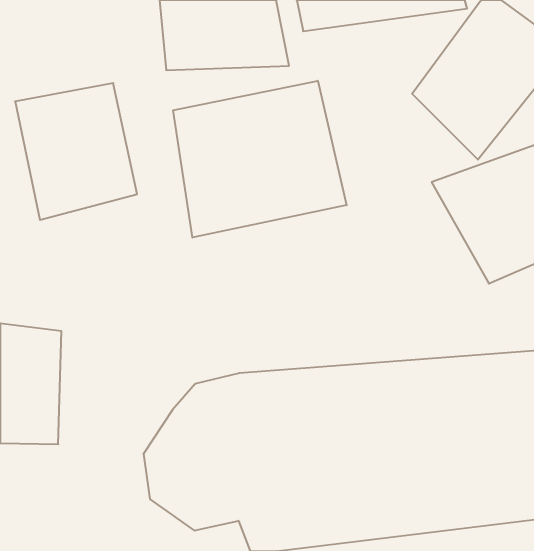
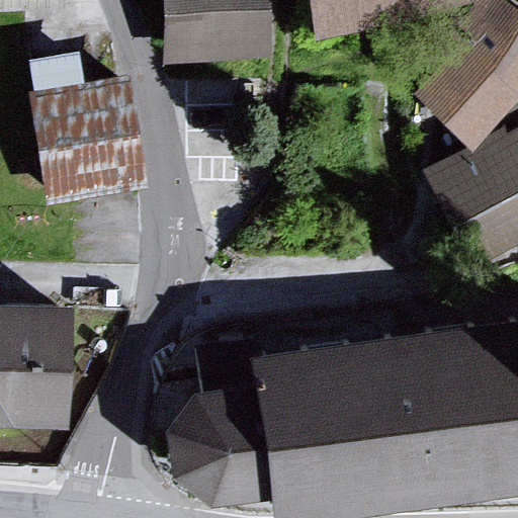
building: [173,81,347,238] -> none

